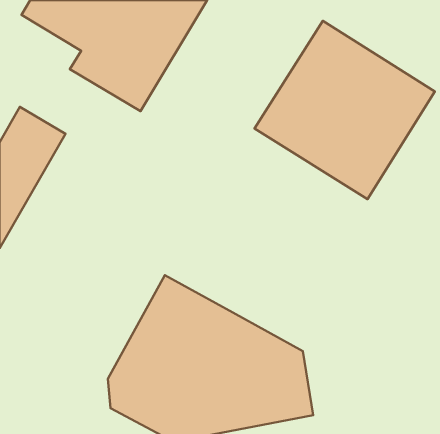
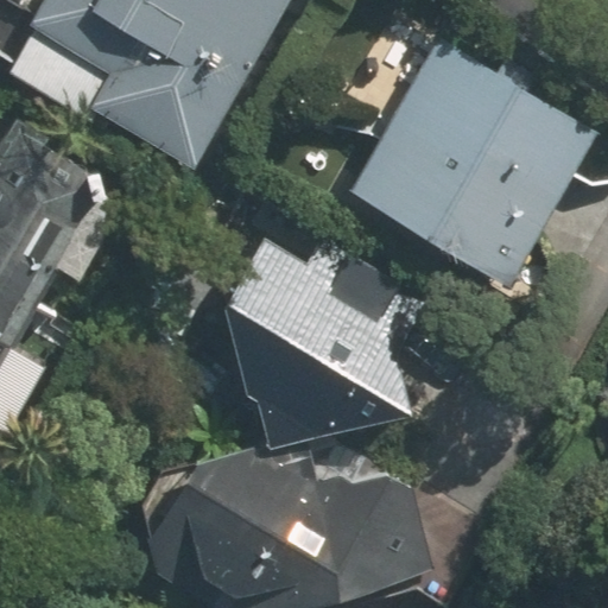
building: none -> [201,226,403,439]

